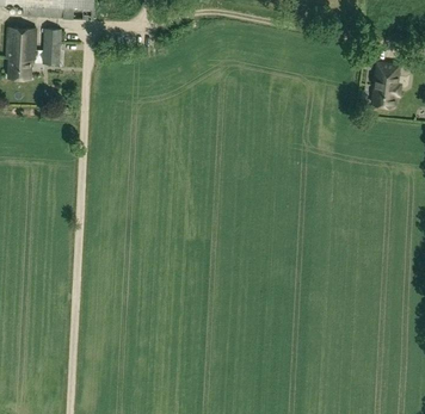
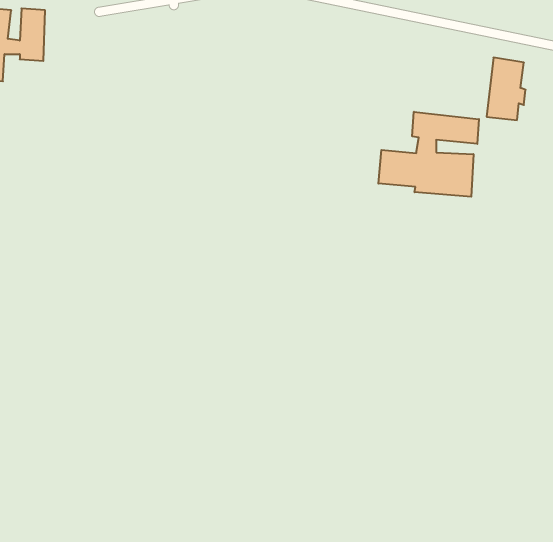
building: none -> [378,112,479,197]

